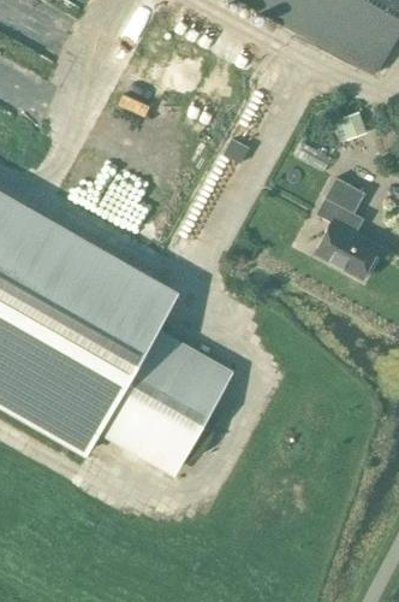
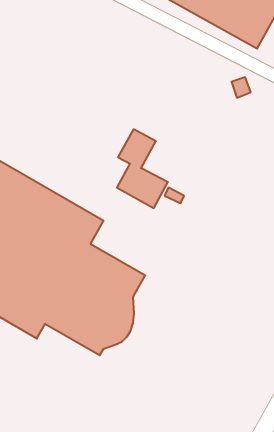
building: [314,175,380,277] -> [117,129,168,208]

